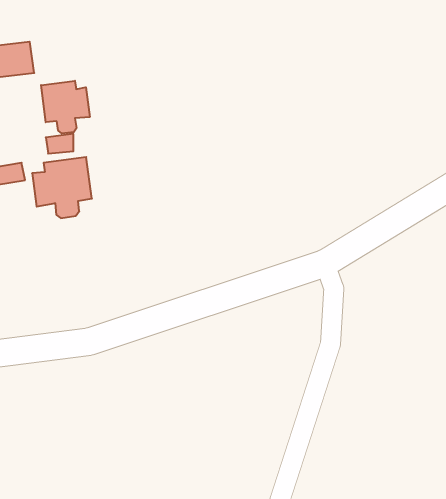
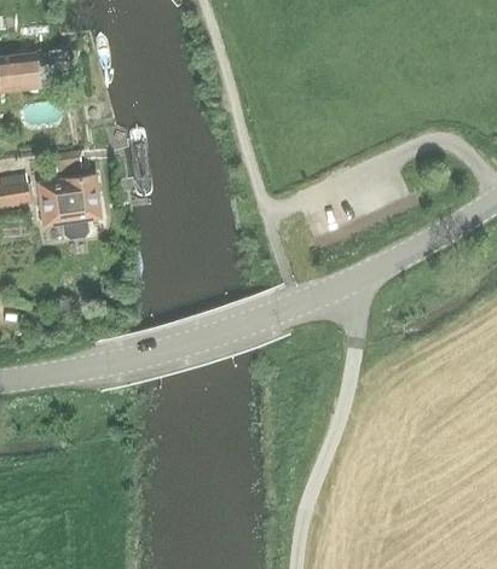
building: [41,81,90,134] -> none

